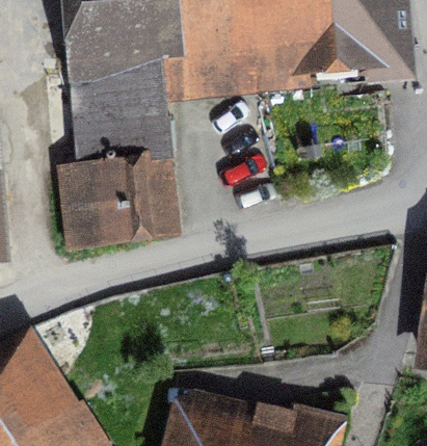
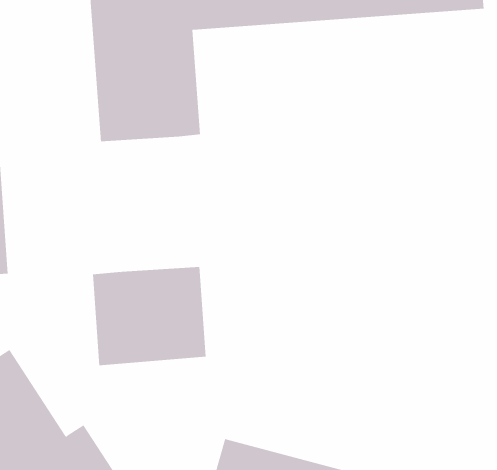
building: [60,160,155,242] -> [92,267,206,366]

